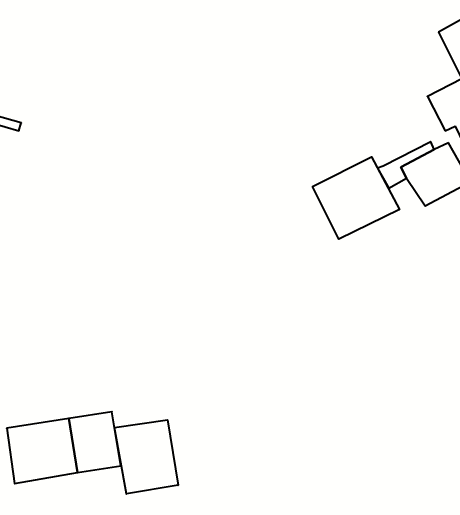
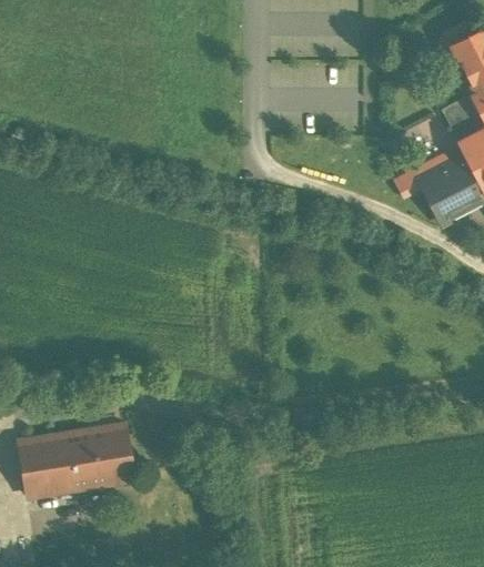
building: [313,157,399,239] -> none
building: [115,420,178,494] -> none

